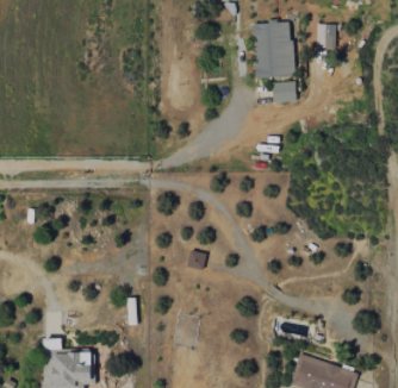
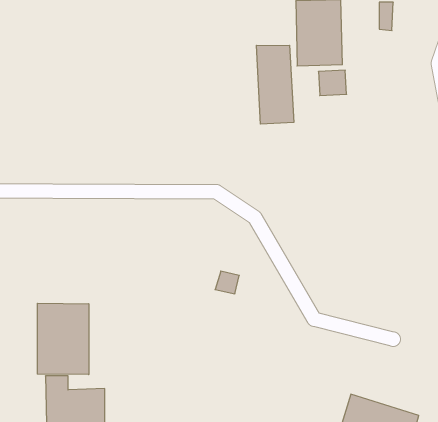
building: none -> [256,45,294,124]
building: none -> [37,303,89,375]

